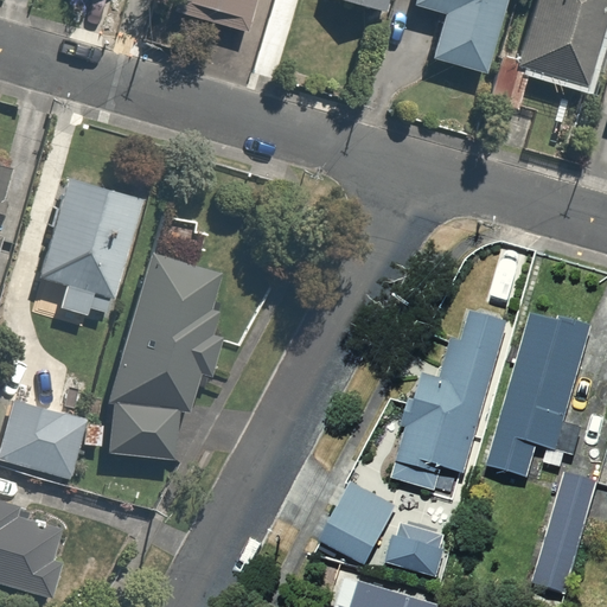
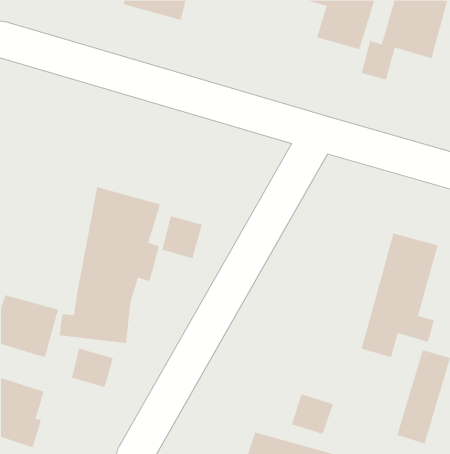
building: [39,174,146,317] -> none
building: none -> [162,215,203,259]
building: [388,308,504,494] -> none
building: none -> [72,348,113,388]
building: [321,481,402,568] -> none

